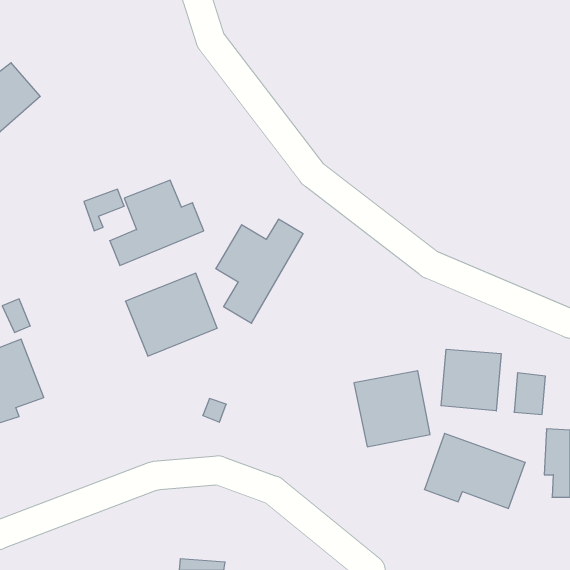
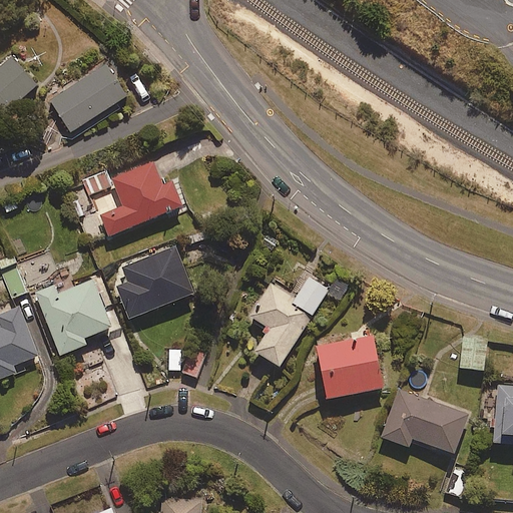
building: none -> [45,63,125,136]
building: [216,219,303,323] -> [248,275,327,368]
building: none -> [33,276,112,355]
building: [441,349,501,411] -> none

